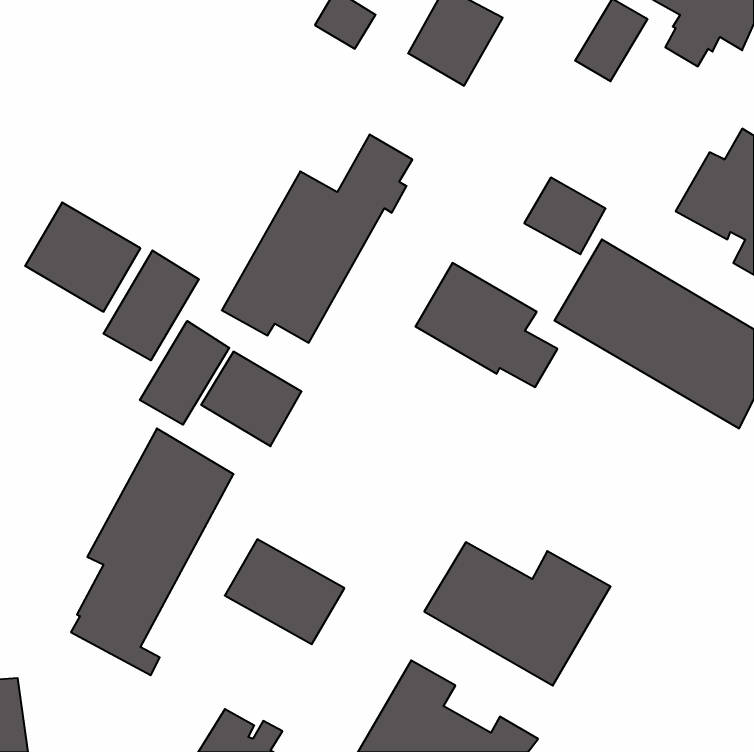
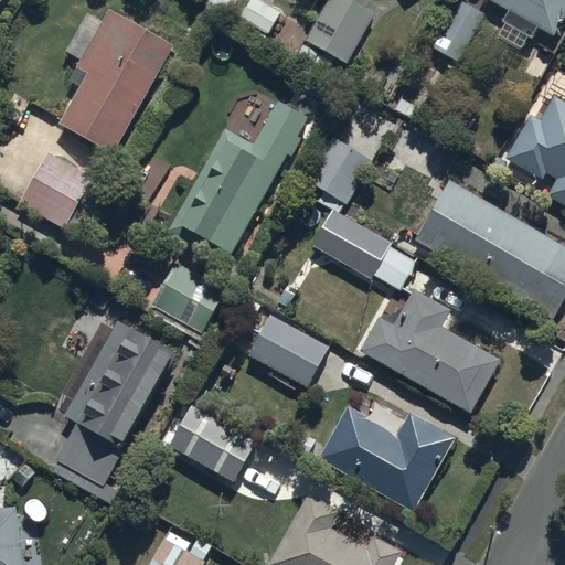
building: none -> [58,9,172,153]
building: [524,178,606,254] -> [311,137,372,194]
building: [104,250,199,360] -> none
building: [140,321,229,425] -> none
building: none -> [359,290,501,414]
building: none -> [247,313,329,387]

